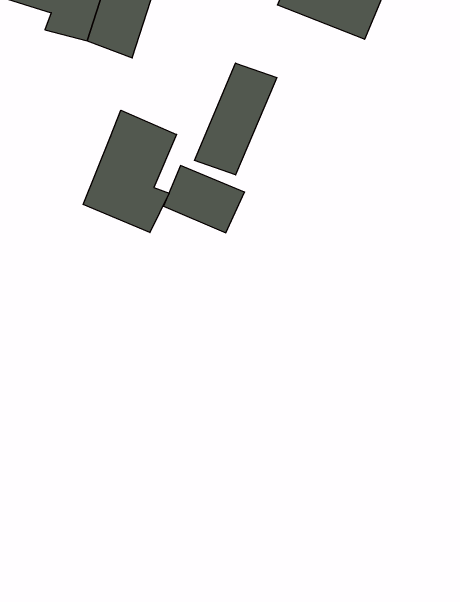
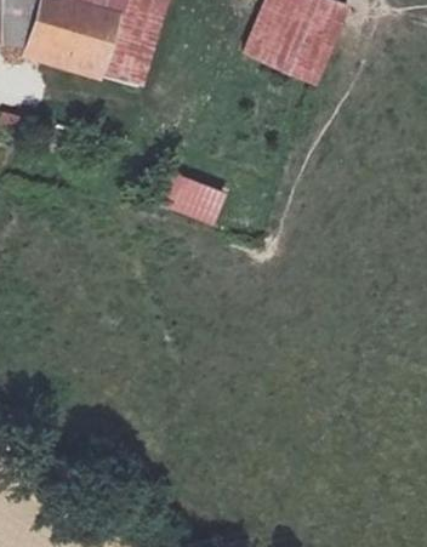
building: [194,63,277,175] -> none
building: [83,110,177,233] -> none

